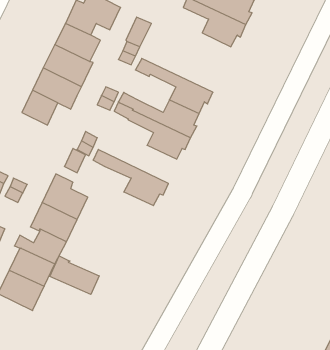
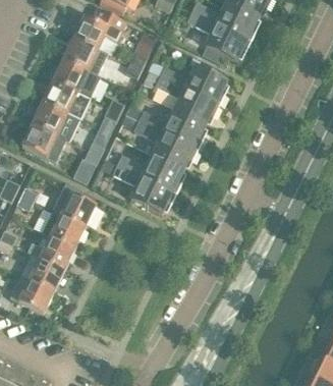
building: none -> [147,62,223,105]
building: none -> [21,124,56,159]
building: none -> [105,155,180,192]
building: [50,256,99,294] -> none

